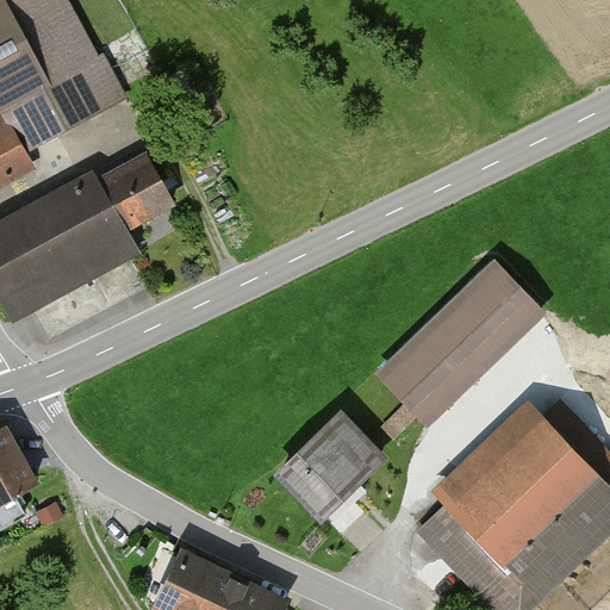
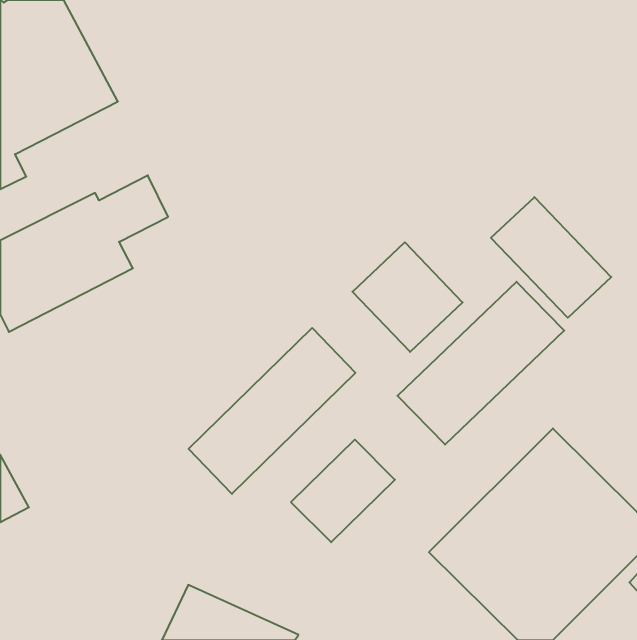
building: none -> [491,197,611,318]
building: none -> [352,242,463,352]
building: none -> [189,328,355,494]

